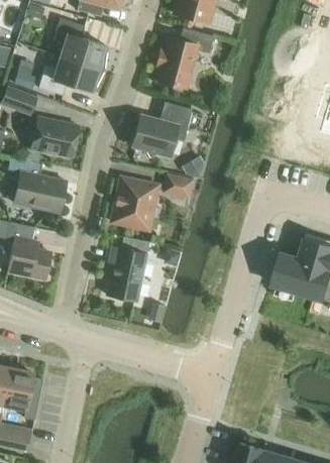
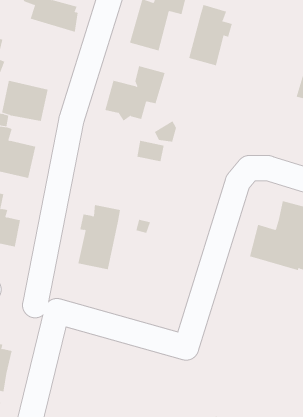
building: none -> [188,4,232,66]
building: [39,57,105,96] -> none
building: [113,179,157,230] -> none

